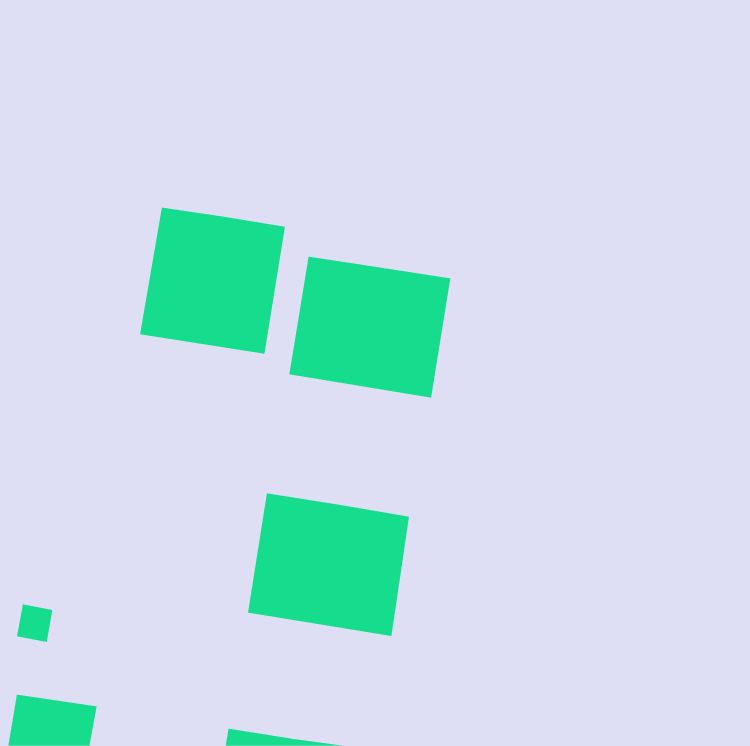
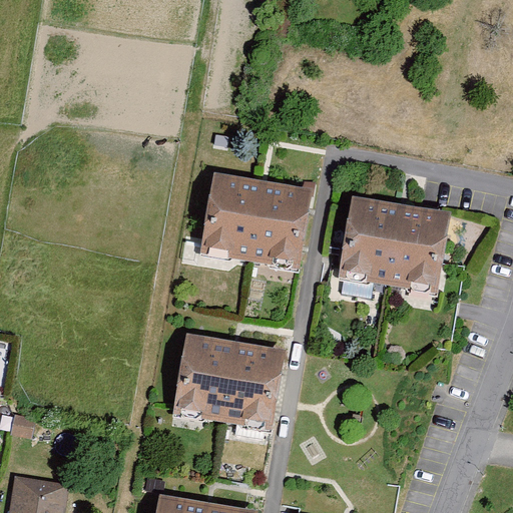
building: [140,207,286,355] -> none
building: none -> [338,195,448,292]

